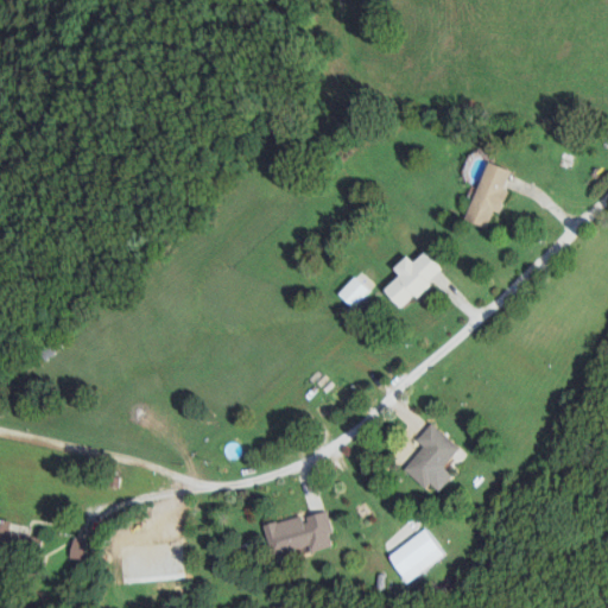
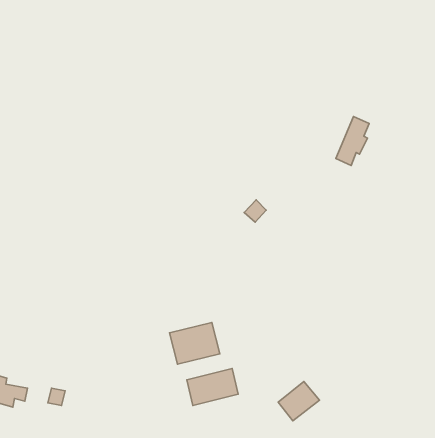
building: [385,252,444,308] -> none
building: [401,424,458,492] -> none
building: none -> [169,322,220,364]

